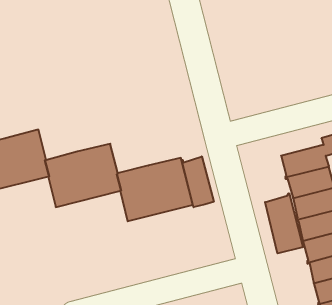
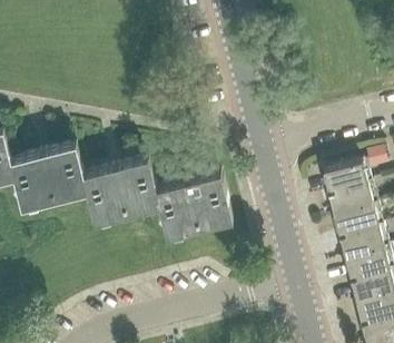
building: [182,156,214,207] -> none
building: [265,193,303,253] -> none

